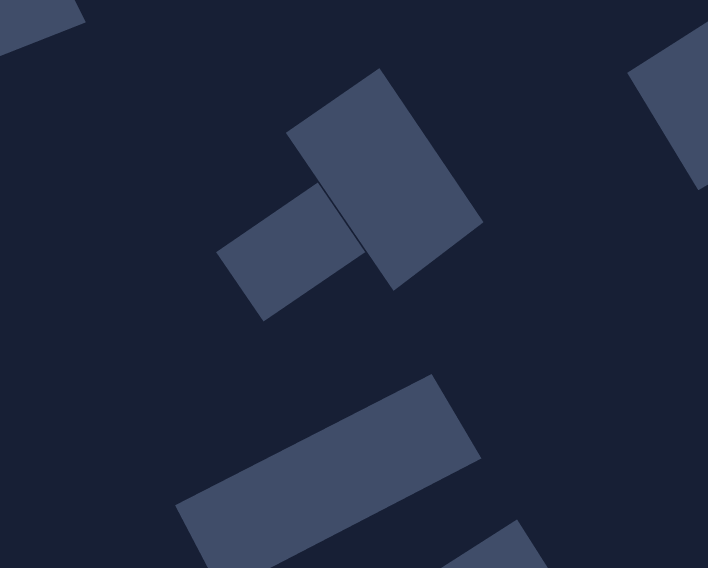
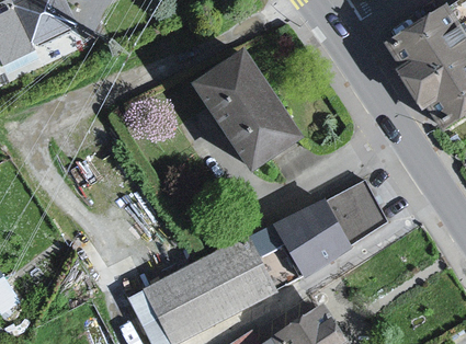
building: [215,182,366,323] -> none
building: none -> [274,174,384,268]

